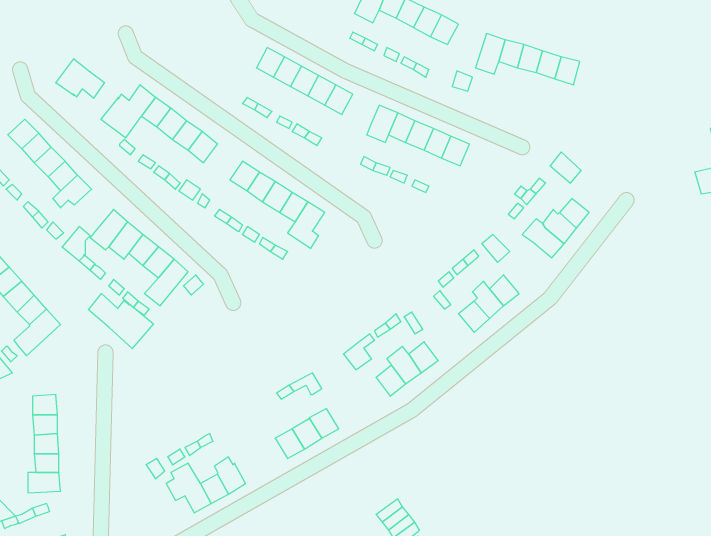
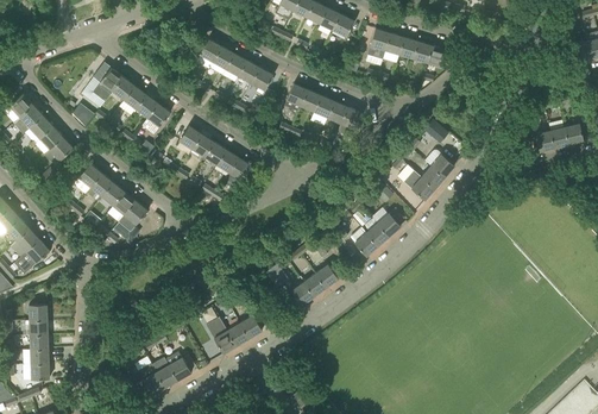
building: [56,59,105,98] -> none
building: [88,294,153,349] -> none

